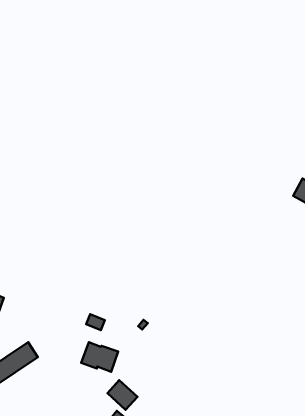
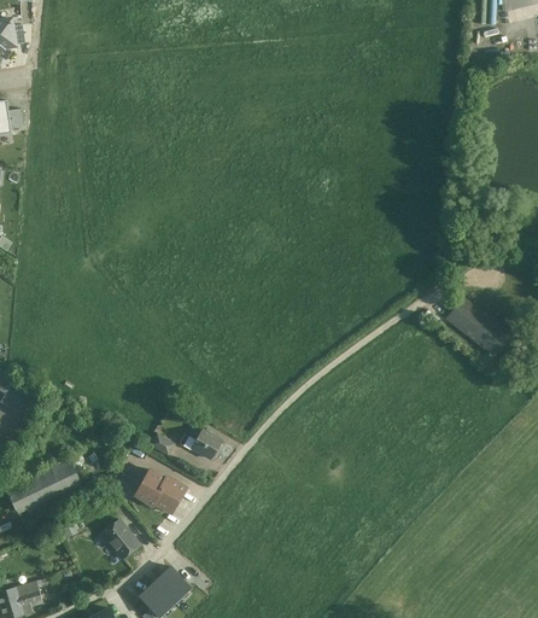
building: none -> [183,430,222,460]
building: [107,380,137,410] -> [101,520,140,560]

